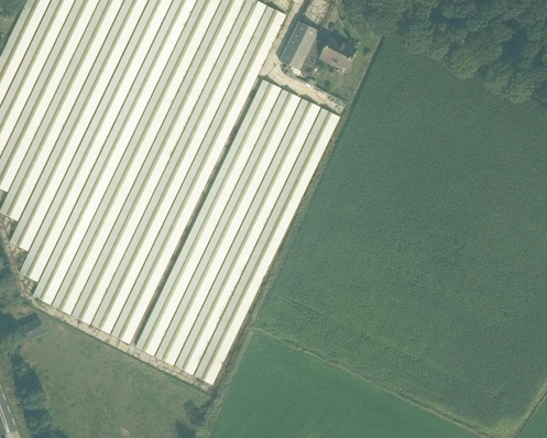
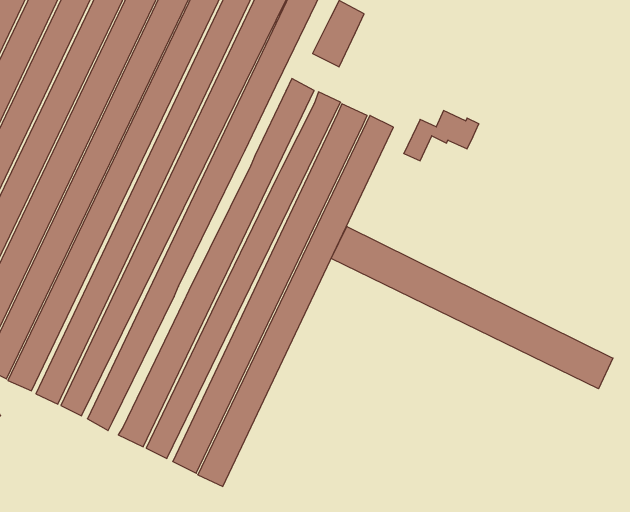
building: [298,39,354,76] -> [404,111,479,161]
building: none -> [331,226,613,389]

